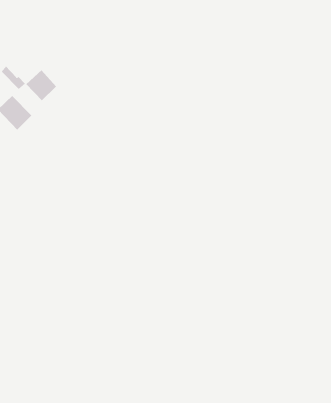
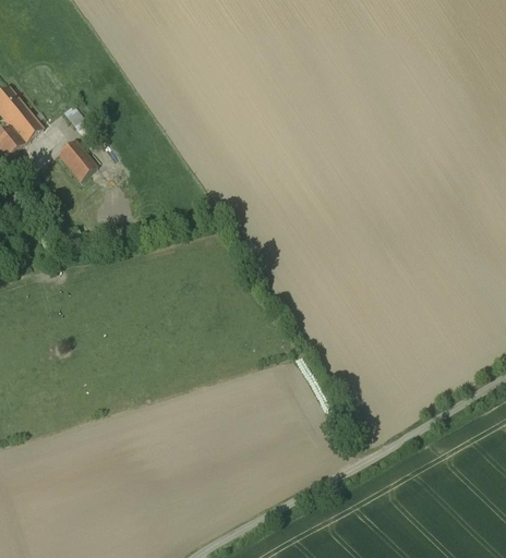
building: [26,69,57,101] -> none

